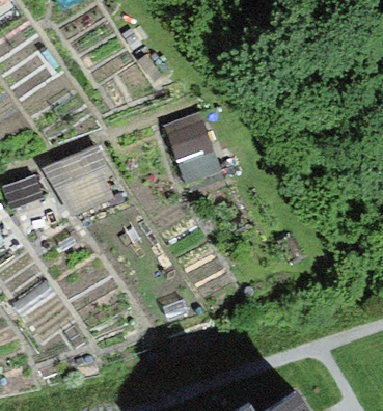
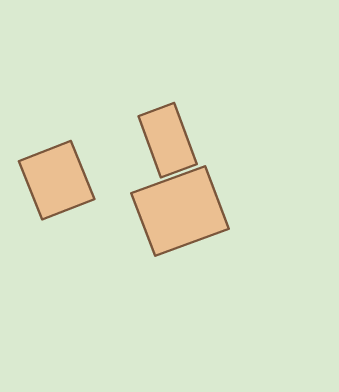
building: none -> [131,166,229,256]

